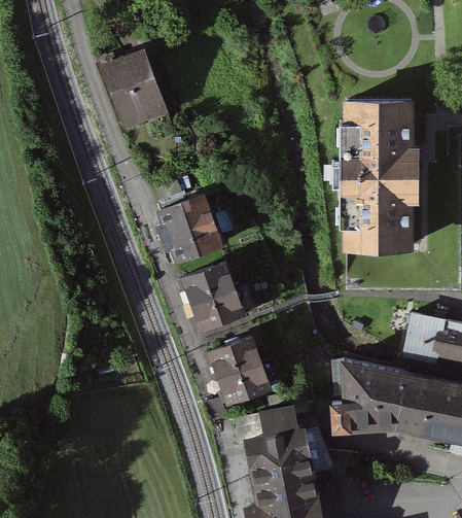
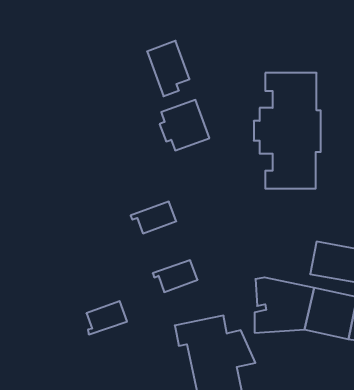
building: [105,56,158,126] -> [147,41,190,96]
building: [158,198,221,262] -> [160,100,209,150]
building: [192,289,244,333] -> none
building: [219,364,271,406] -> [86,301,127,334]

